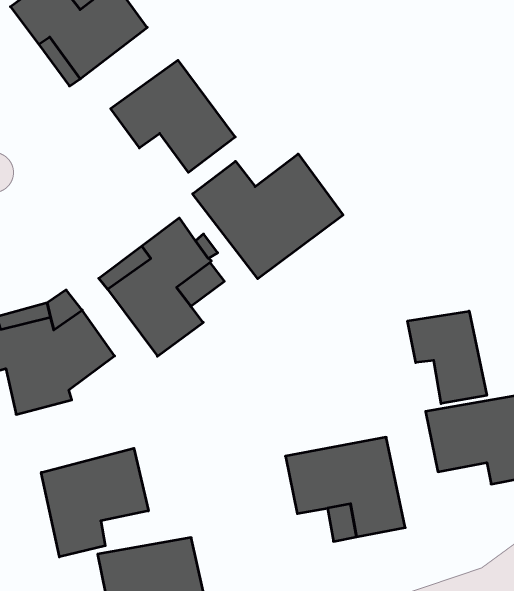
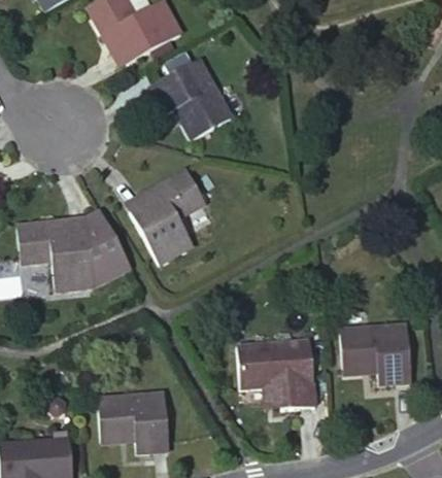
building: [193,154,343,279] -> none
building: [408,311,487,404] -> none
building: [41,448,148,557] -> none

